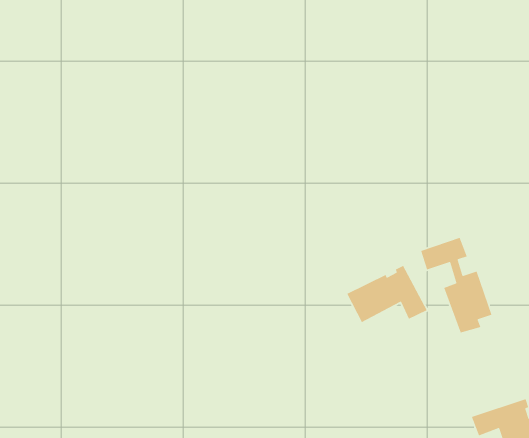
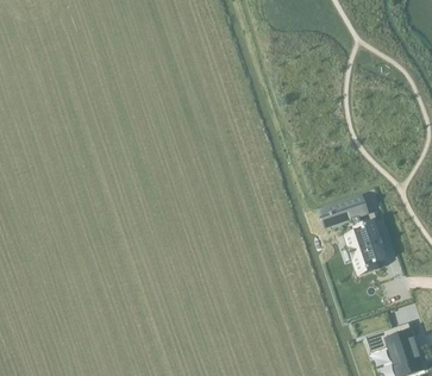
building: [346,265,428,323] -> none

